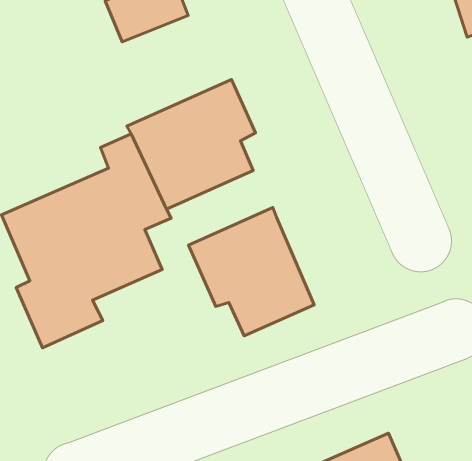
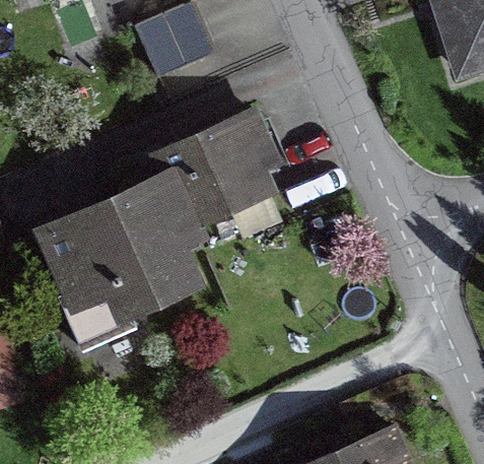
building: [188,207,314,336] -> none

